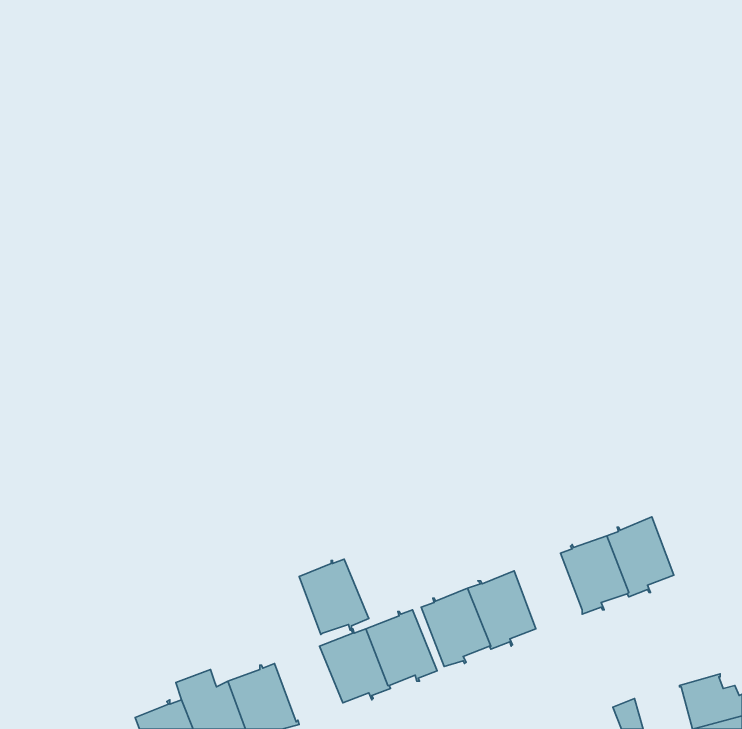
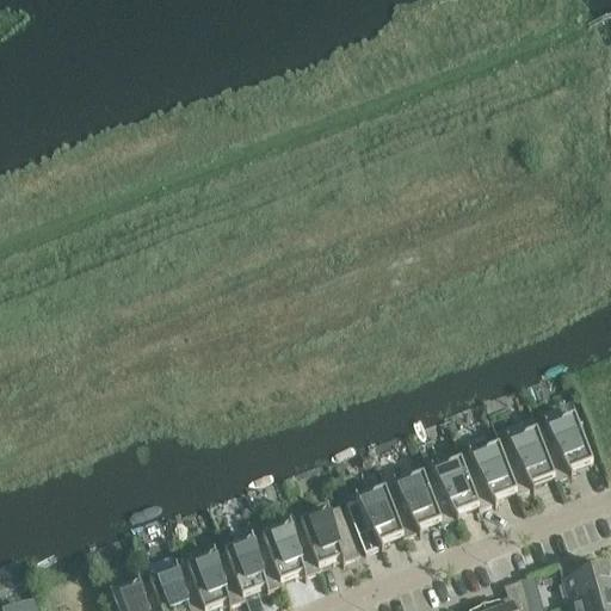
building: none -> [536,411,593,475]
building: none -> [422,455,479,519]
building: [299,559,369,635] -> [226,531,283,593]

